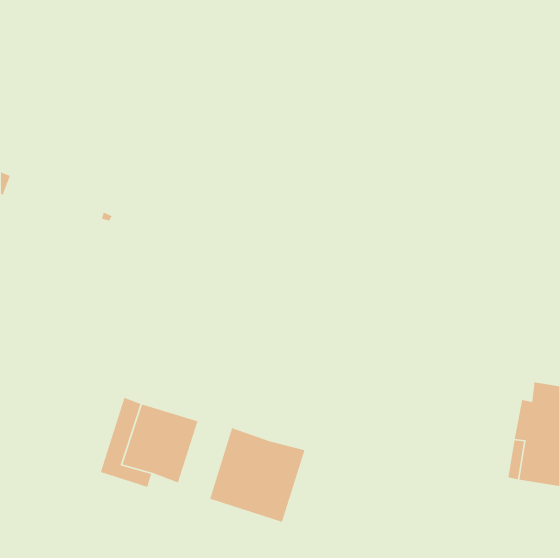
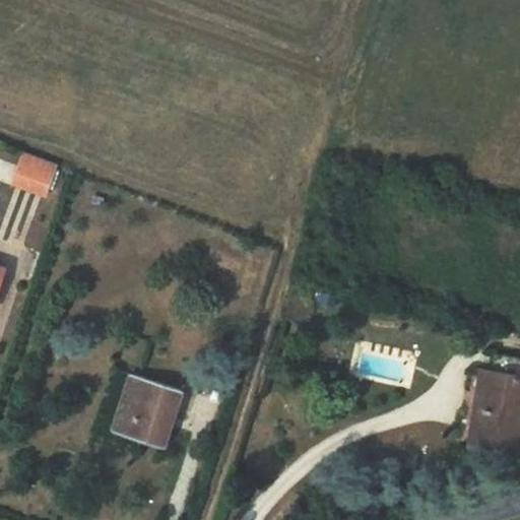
building: none -> [14,154,55,196]
building: [209,427,306,523] -> none

